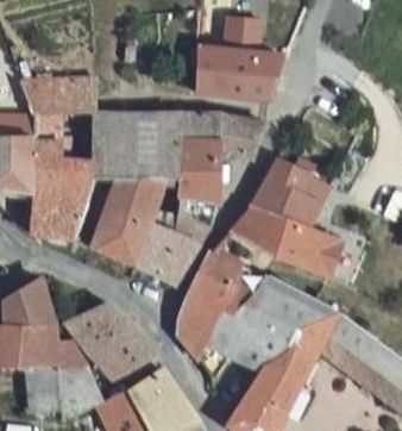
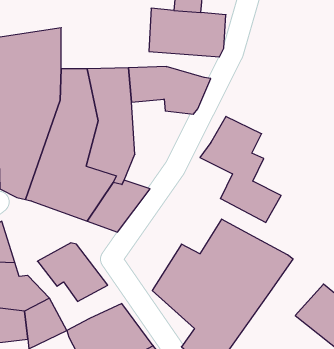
building: [178,144,220,205] -> none
building: [235,208,289,254] -> none
building: [177,248,277,355] -> none
building: [328,320,389,382] -> none

